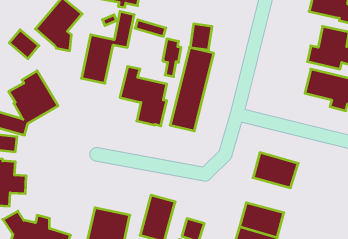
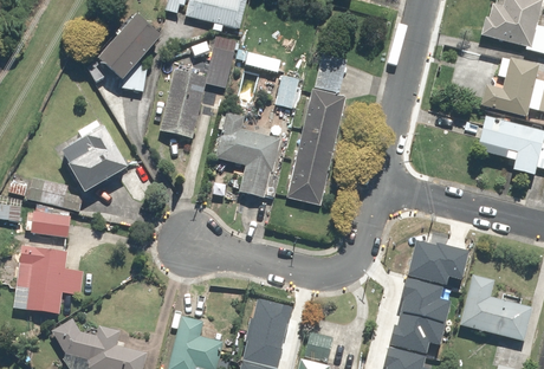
building: [9,30,39,59] -> none
building: none -> [394,271,456,321]
building: none -> [459,274,530,339]

